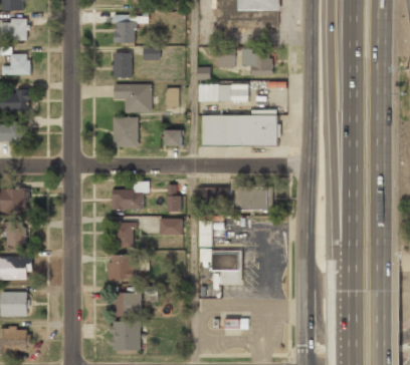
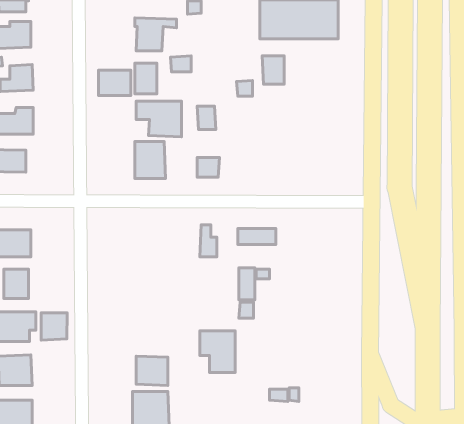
building: [242,48,273,77] -> none
building: none -> [98,70,131,95]
building: [197,85,248,104] -> none
building: [201,117,277,149] -> none
building: [112,180,148,209] -> none
building: [233,187,271,210] -> none
building: [158,218,182,235] -> none
building: [116,222,134,247] -> none
building: [212,250,241,284] -> [200,331,235,373]
building: [109,255,138,280] -> none
building: none -> [41,313,67,340]

